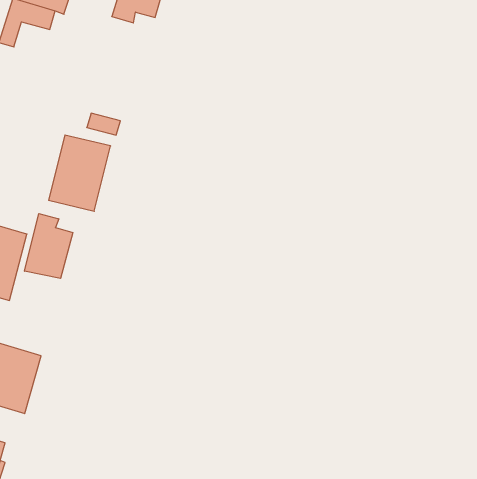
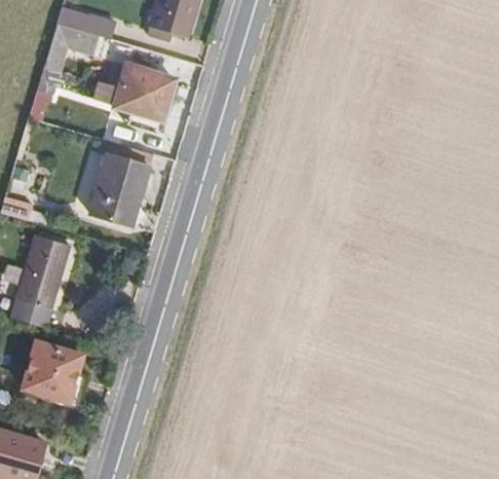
building: none -> [111,66,172,121]
building: [25,214,73,278] -> none

